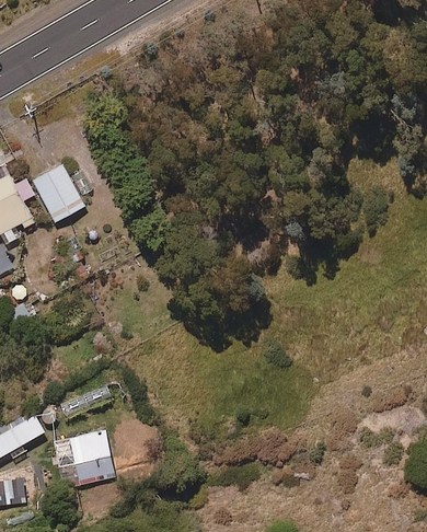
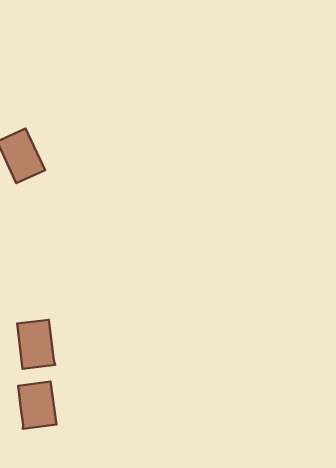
building: none -> [17,320,55,369]

